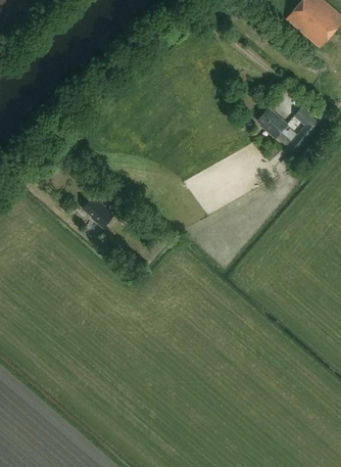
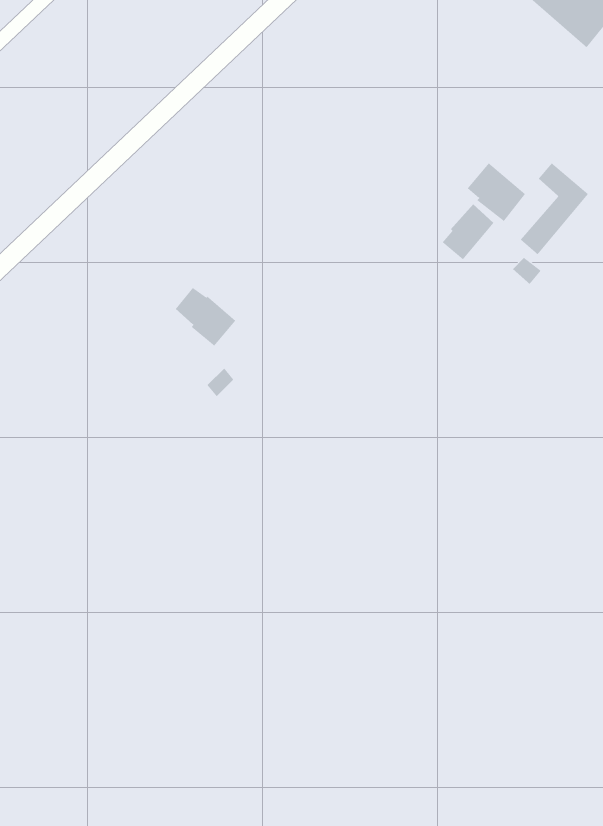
building: none -> [442,204,494,260]
building: [82,197,113,228] -> [175,287,236,346]

